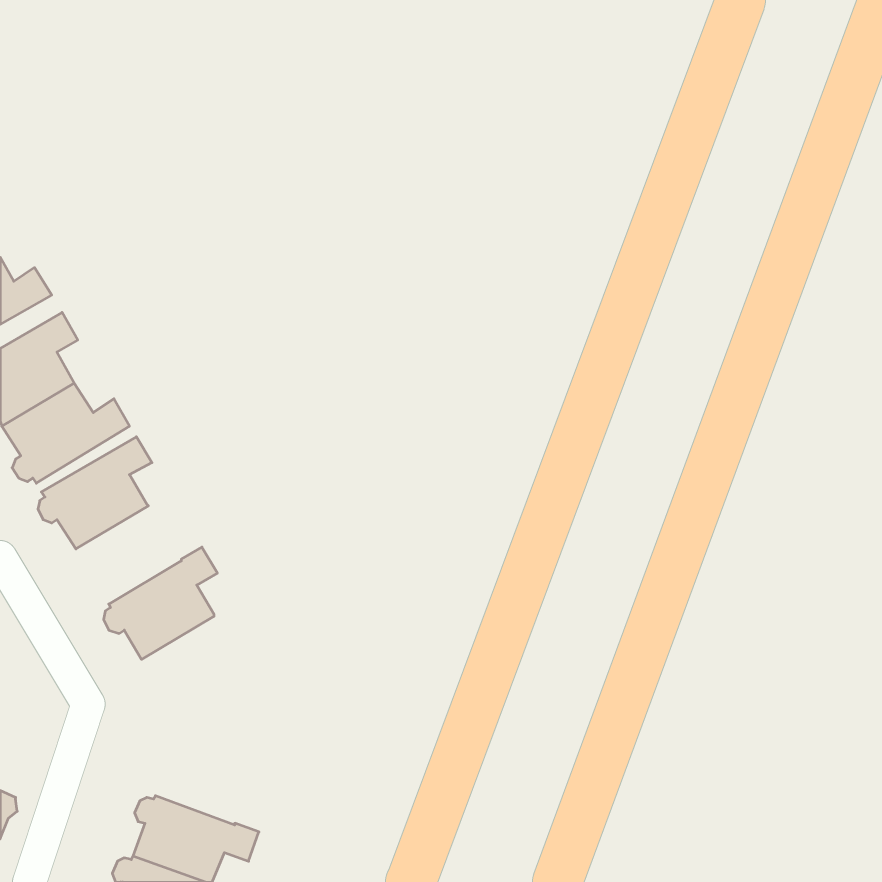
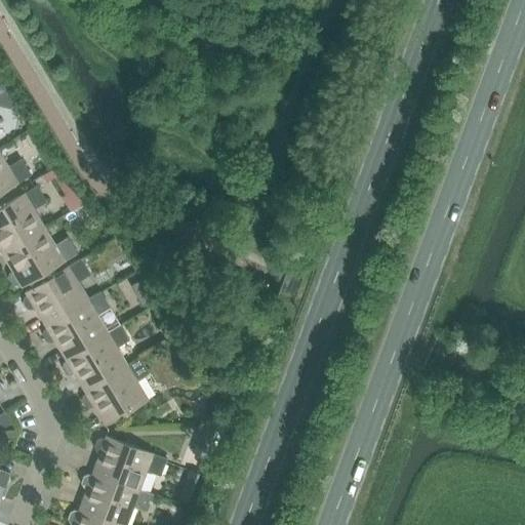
building: none -> [41,292,110,359]
building: none -> [81,357,149,426]
building: none -> [92,436,167,490]

